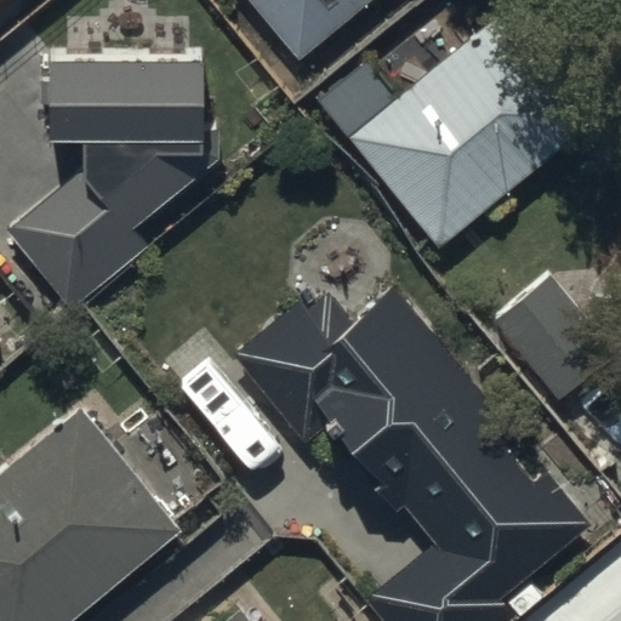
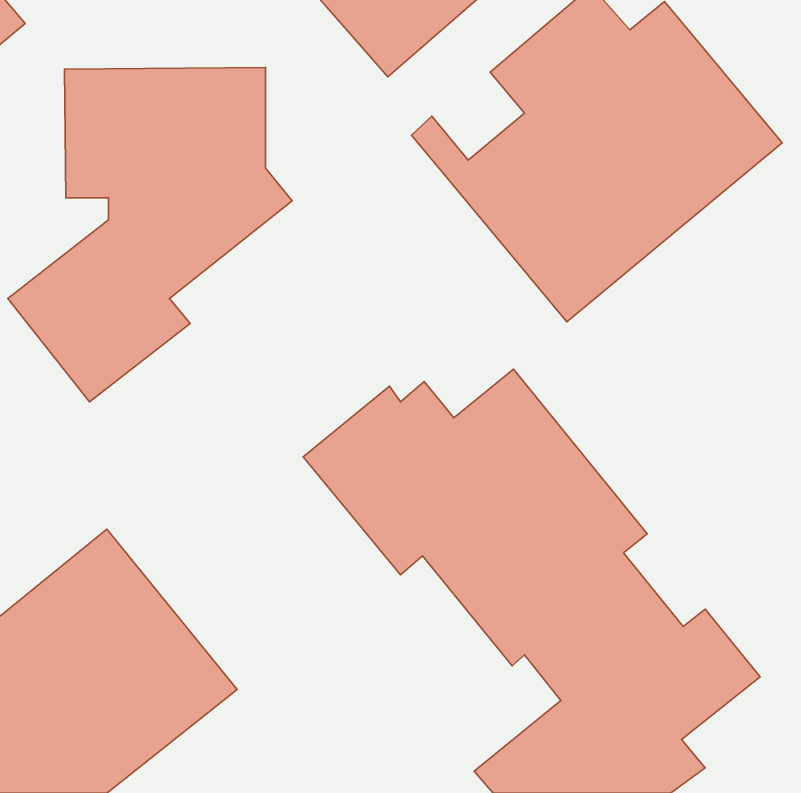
building: [490,270,614,400] -> none

